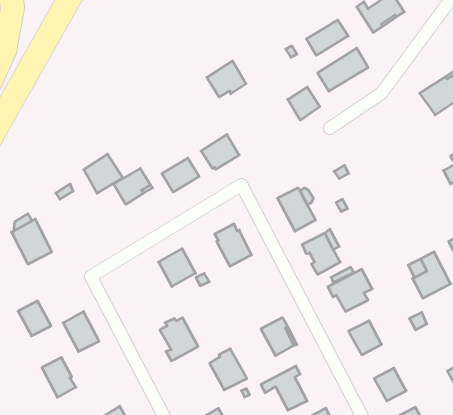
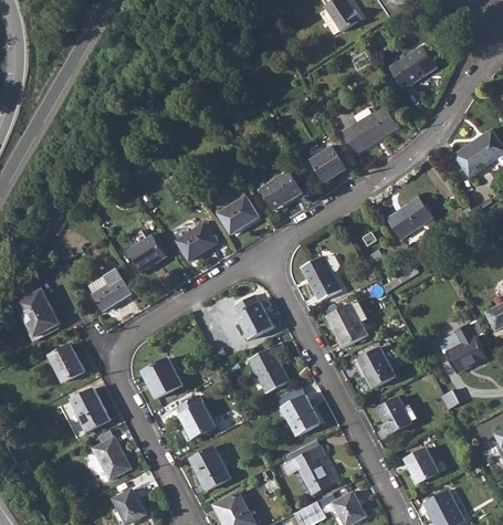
building: [306,20,348,55] -> none
building: [207,61,246,97] -> [260,168,302,207]
building: none -> [388,197,433,239]
building: [84,154,123,193] -> [90,269,132,311]
building: [158,249,196,287] -> [142,357,181,398]
building: none -> [249,342,289,393]
building: [18,301,51,336] -> [49,344,84,381]
building: [210,349,247,390] -> [191,445,231,490]
building: [42,357,76,397] -> [93,437,129,480]

